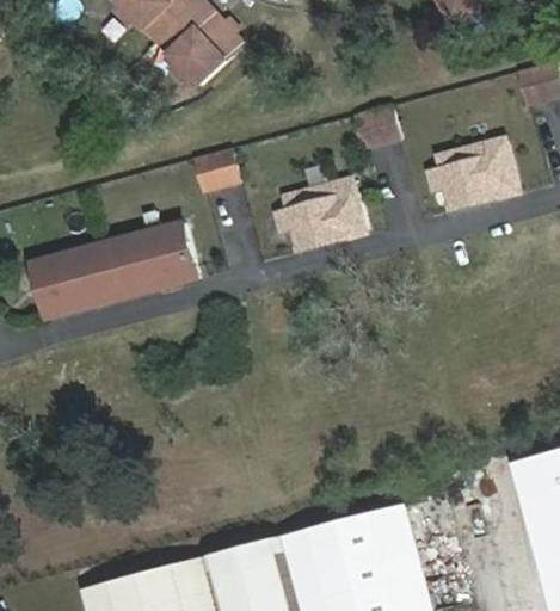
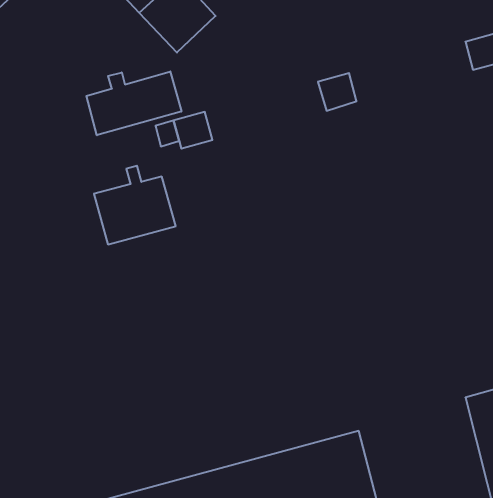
building: none -> [86,71,181,135]
building: [425,138,516,209] -> none
building: [272,179,363,251] -> none
building: [31,241,121,319] -> none

